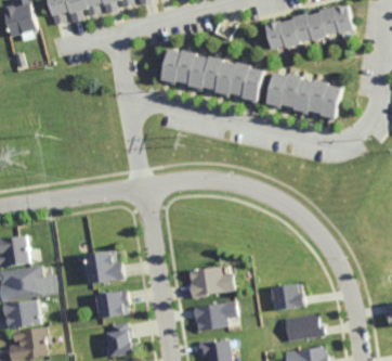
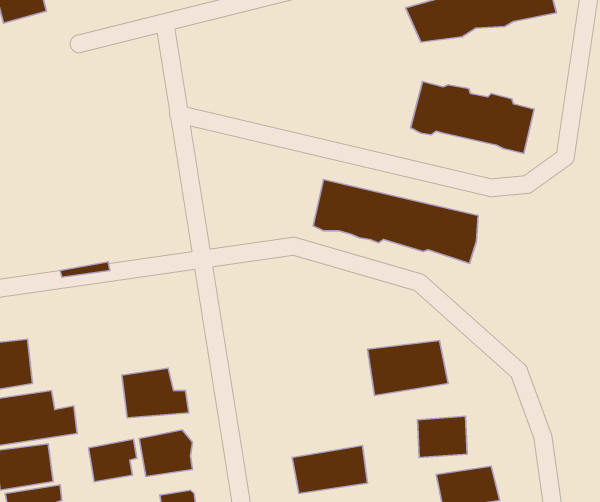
building: [160,48,264,101] -> [313,179,478,263]
building: [186,265,237,299] -> [367,341,448,395]
building: none -> [88,439,137,482]

